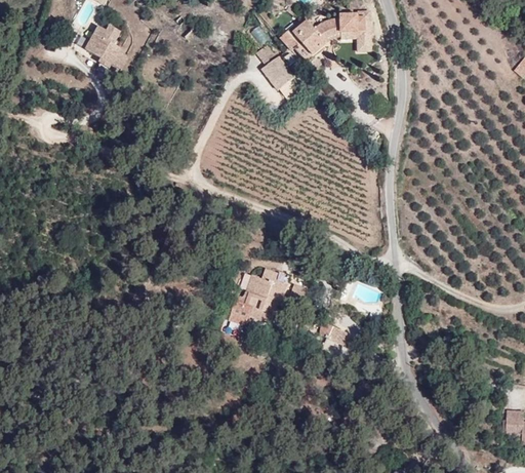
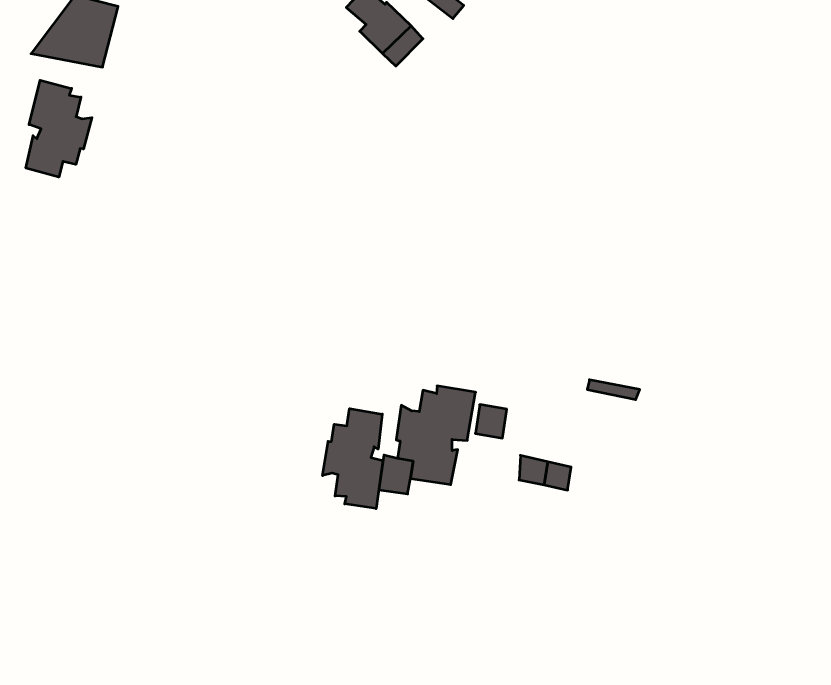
building: none -> [26,80,92,177]
building: none -> [323,409,383,509]

